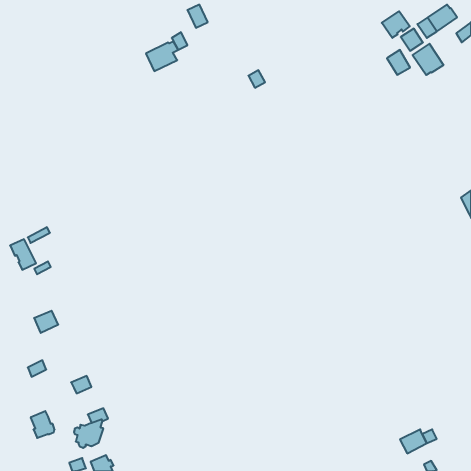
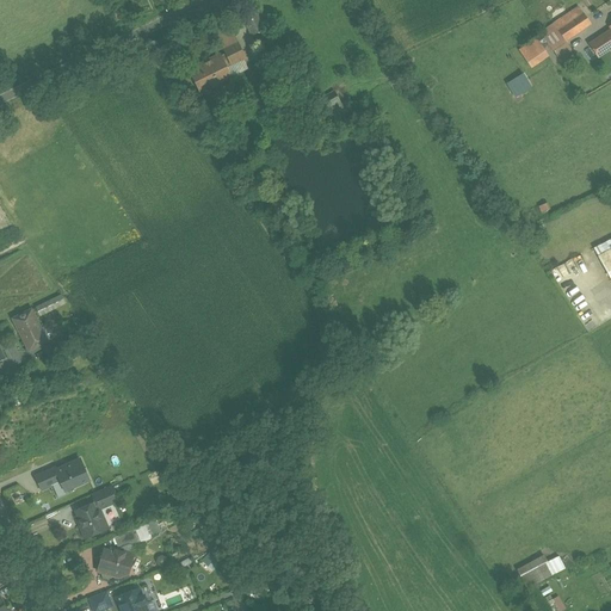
building: [382,11,410,38] -> none
building: [413,44,443,75] -> none
building: [34,311,58,333] -> [56,459,87,488]
building: [31,411,55,438] -> [76,501,107,536]

